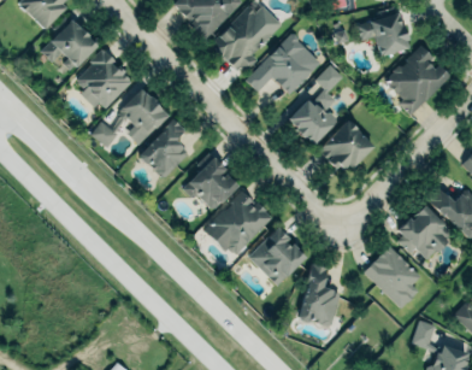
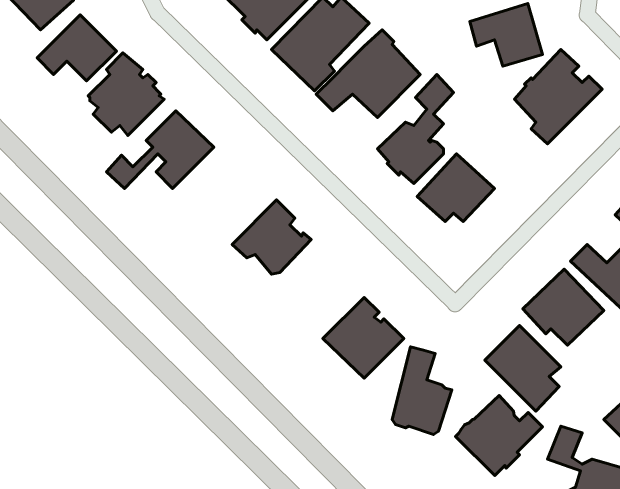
building: [138,119,190,180] -> none
building: [205,190,272,253] -> none
building: none -> [456,395,542,476]

